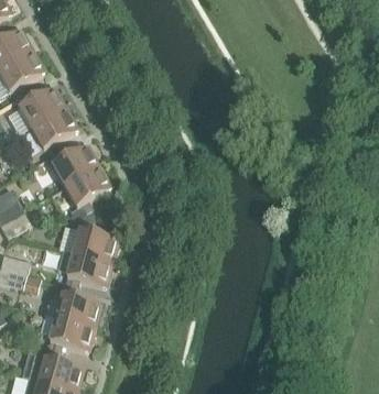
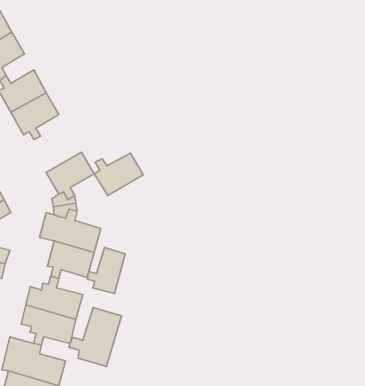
building: [51,145,98,186] -> [94,153,143,195]
building: none -> [87,248,125,294]
building: none -> [69,307,122,366]

